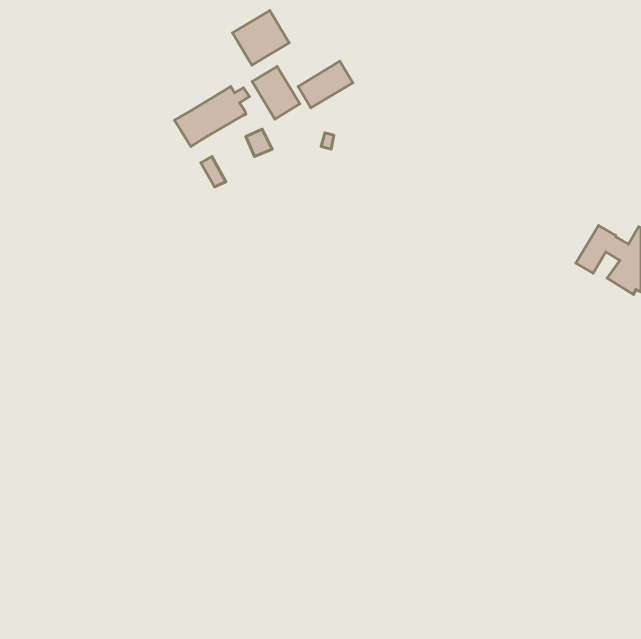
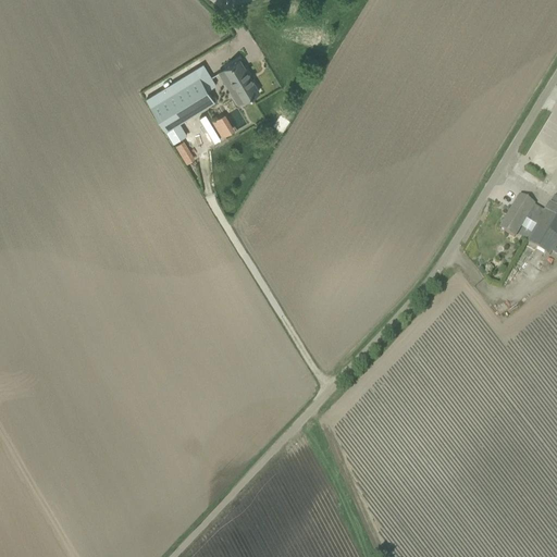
building: [232,10,289,65] -> none
building: [298,61,353,108] -> none

